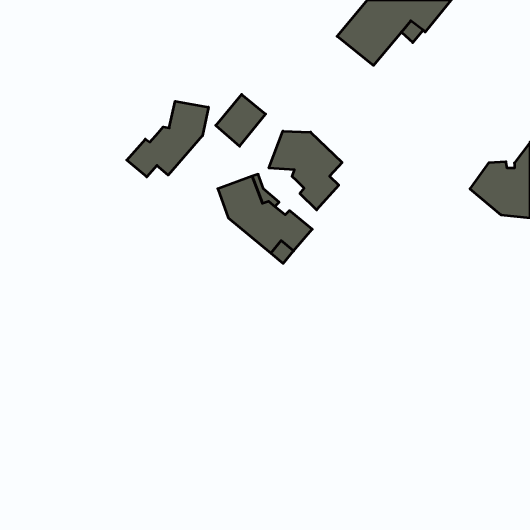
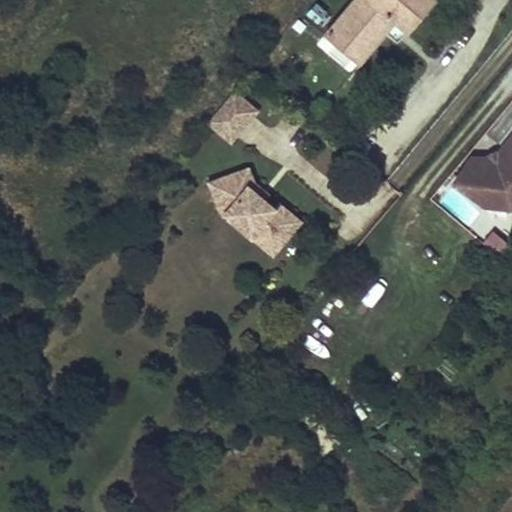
building: [127,101,208,177] -> none
building: [269,131,342,210] -> none

